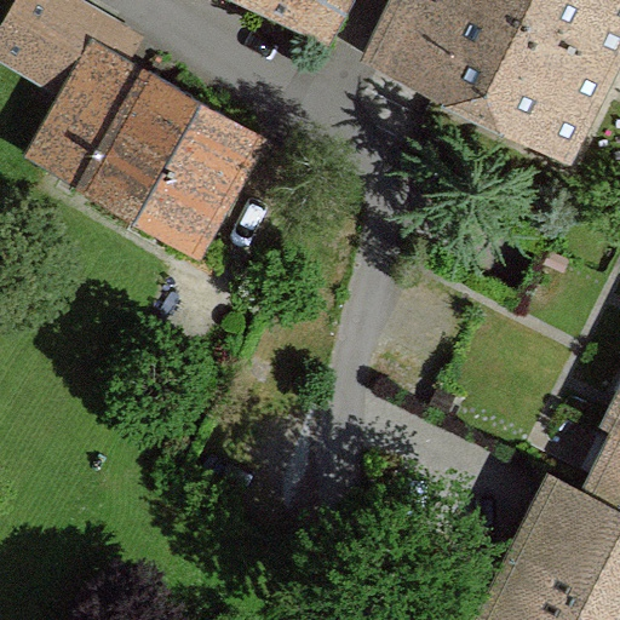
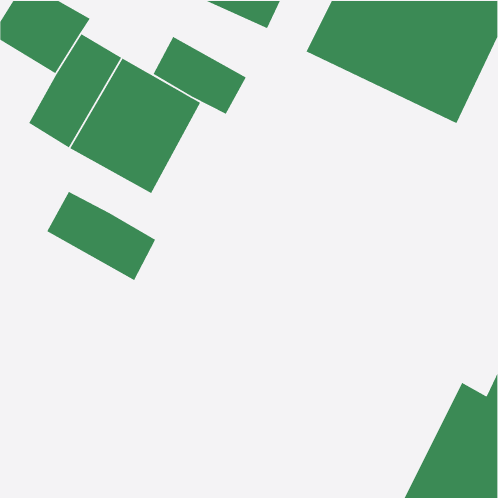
building: none -> [152,36,247,115]
building: none -> [46,191,156,281]

